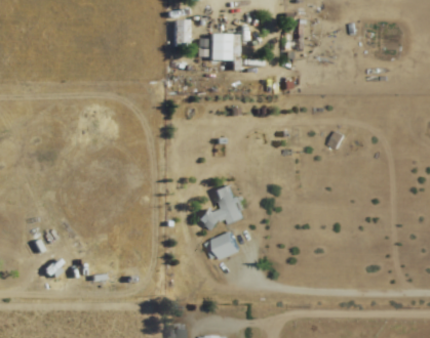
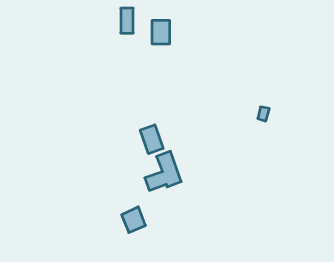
building: none -> [140,125,163,154]
building: [211,230,239,260] -> [122,207,146,233]

